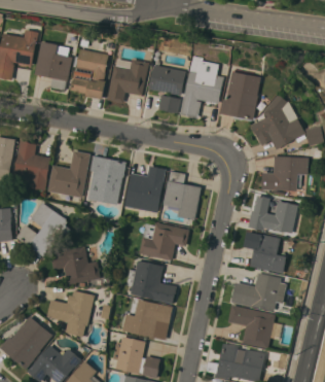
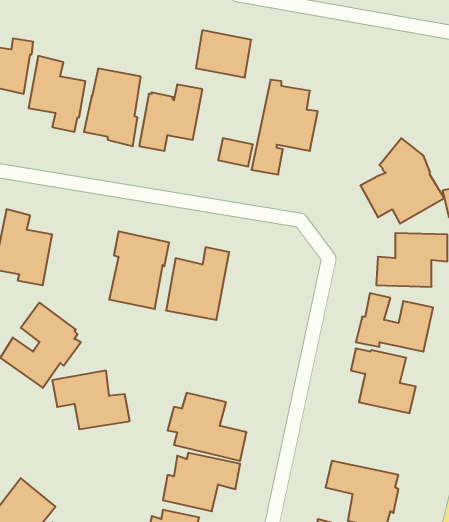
building: [149,65,185,96] -> [196,30,251,78]
building: [220,72,260,120] -> none
building: [47,150,91,199] -> none
building: [162,171,202,220] -> none
building: [139,222,189,261] -> none
building: [231,273,286,311] -> none
building: [46,289,96,338] -> none

